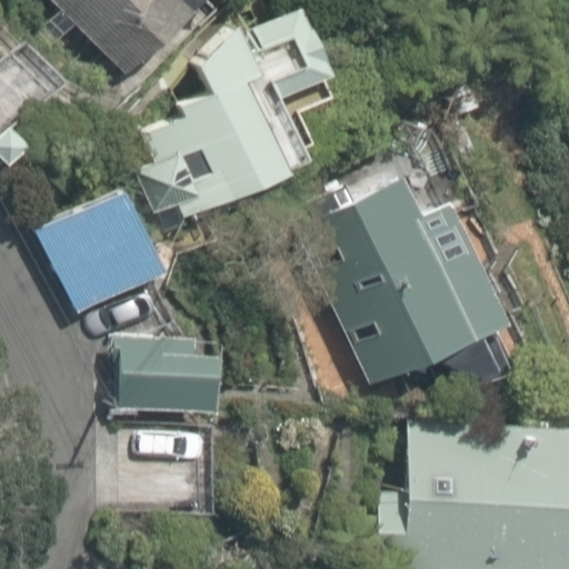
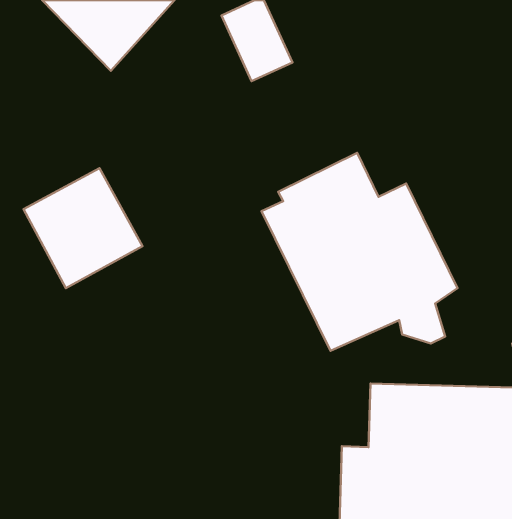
building: [130,19,311,228] -> none
building: [119,337,216,415] -> none

